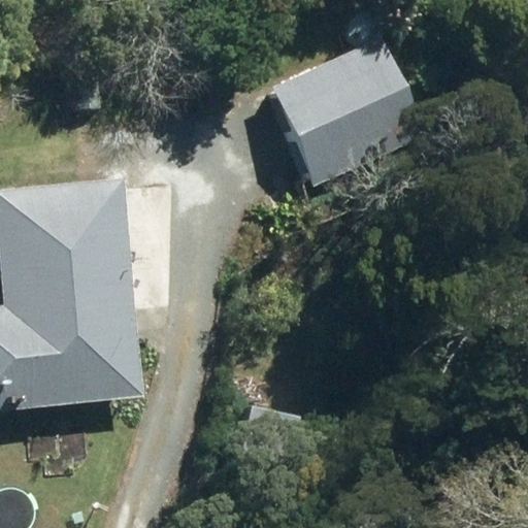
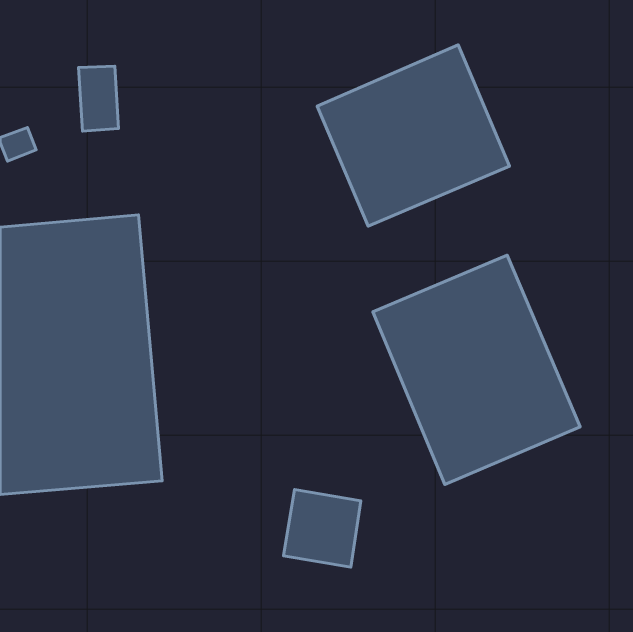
building: none -> [373,255,580,485]

